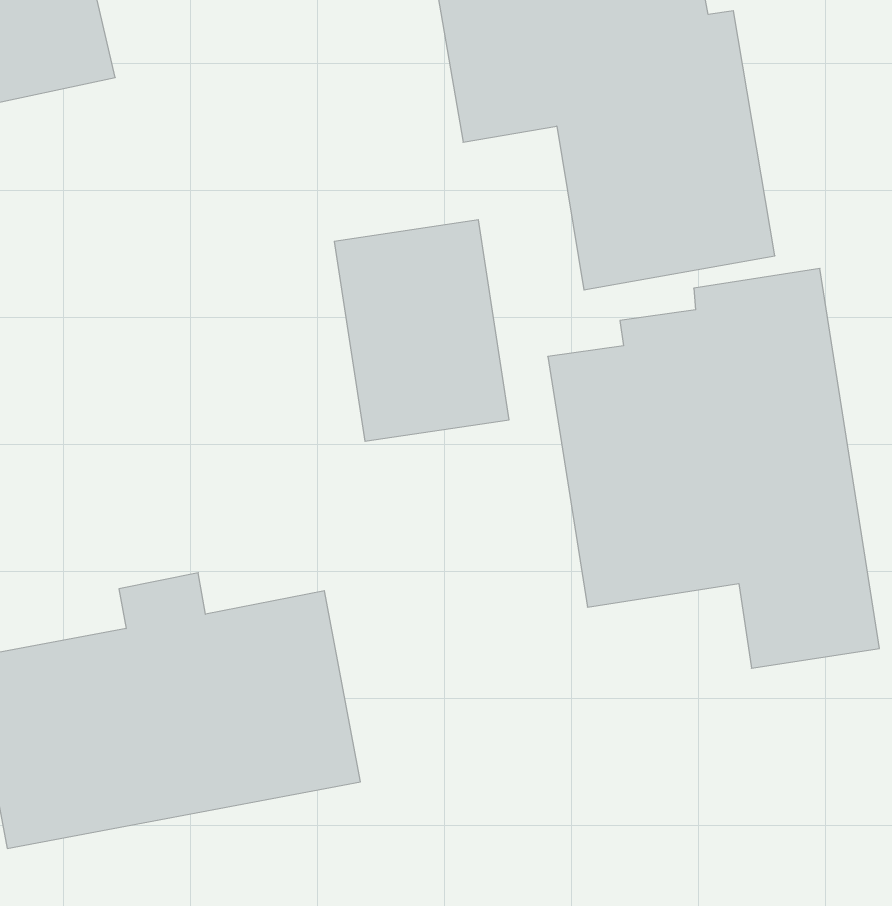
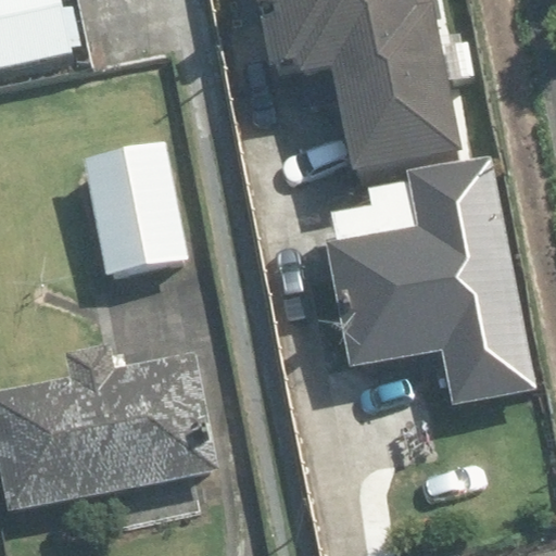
building: [334,220,509,441] -> [81,141,187,275]

